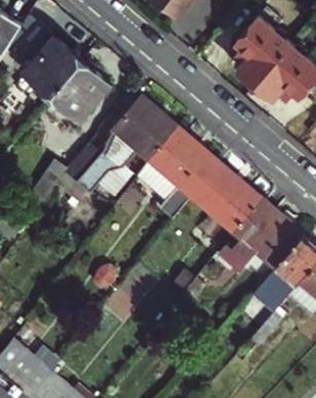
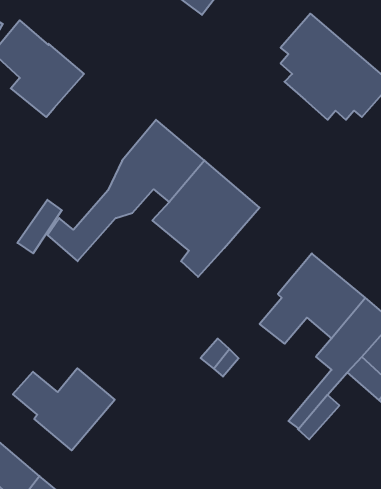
building: [53,62,109,119] -> none
building: [192,166,261,234] -> none
building: none -> [13,368,115,450]

